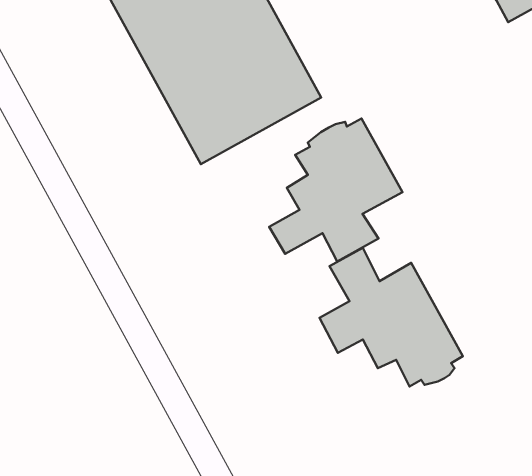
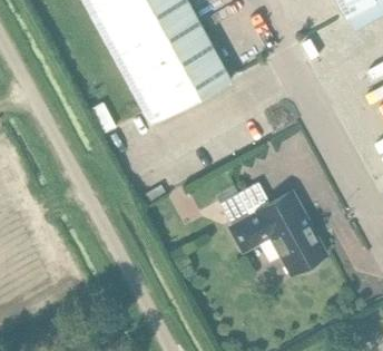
building: [269,118,402,261] -> none

